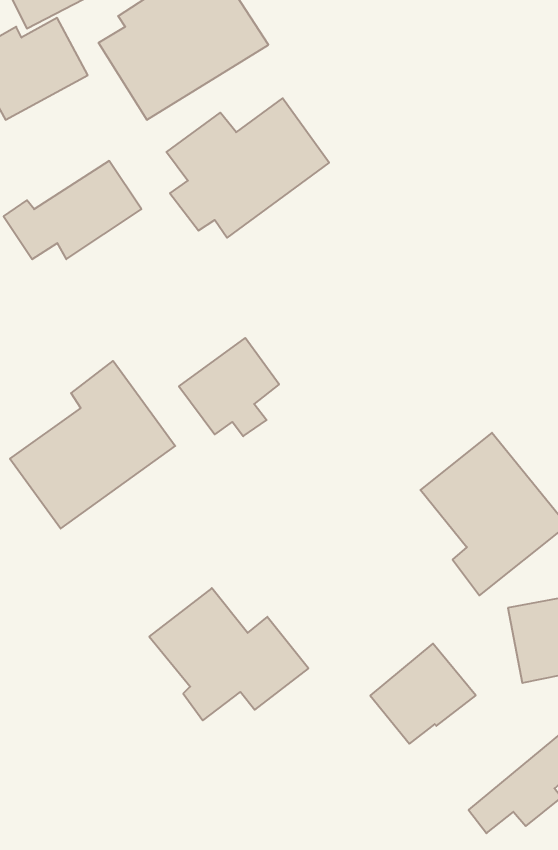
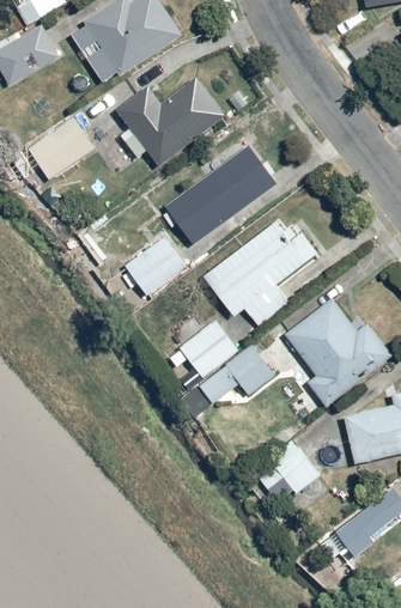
building: none -> [164,138,294,255]
building: none -> [200,213,321,328]
building: [10,361,175,529] -> none
building: [149,588,308,720] -> [176,315,282,403]

